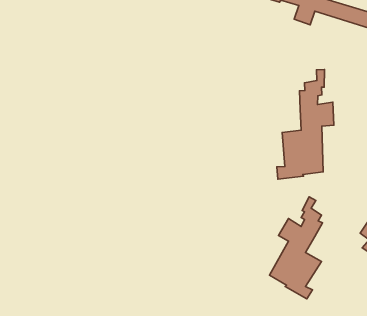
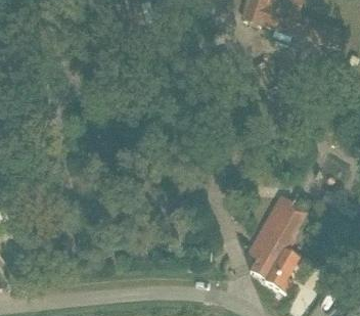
building: [277,69,334,179] -> none

